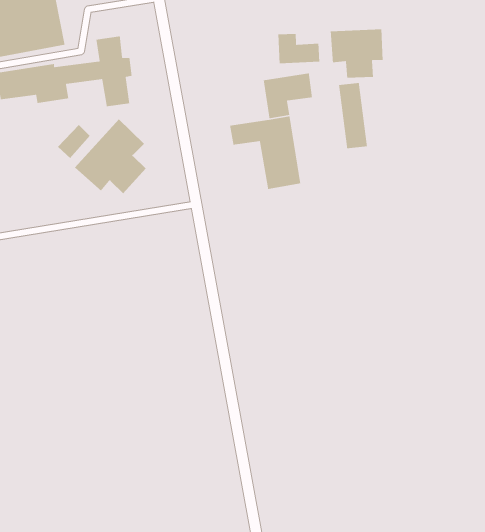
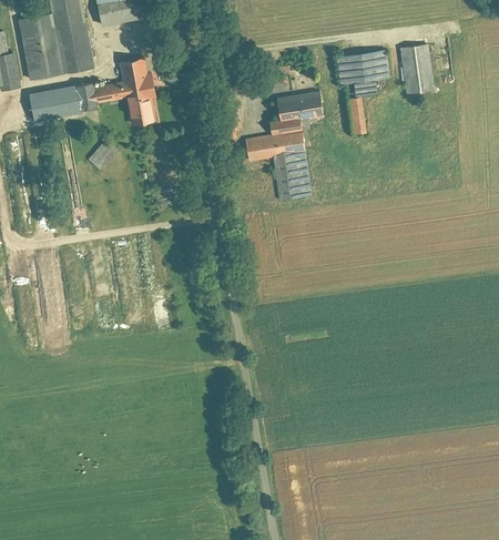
building: none -> [401,47,432,92]
building: [277,33,320,64] -> none
building: [74,119,147,194] -> none

